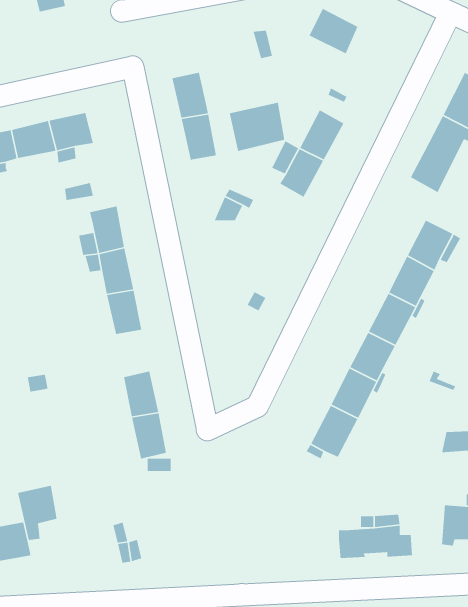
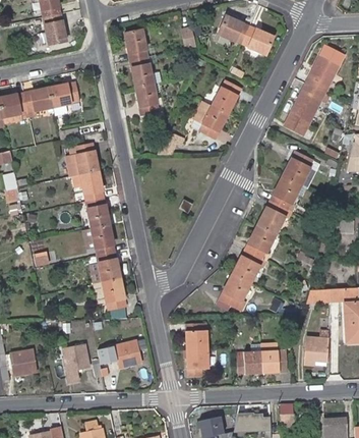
building: none -> [43,12,66,44]
building: none -> [243,25,275,55]
building: none -> [123,29,147,59]
building: [229,102,285,152] -> none
building: none -> [93,224,115,255]
building: none -> [185,323,206,376]
building: [17,485,58,541] -> [63,344,89,381]
building: none -> [104,340,141,367]

